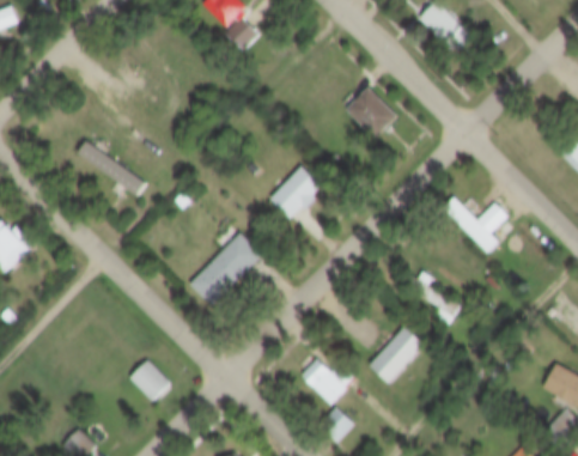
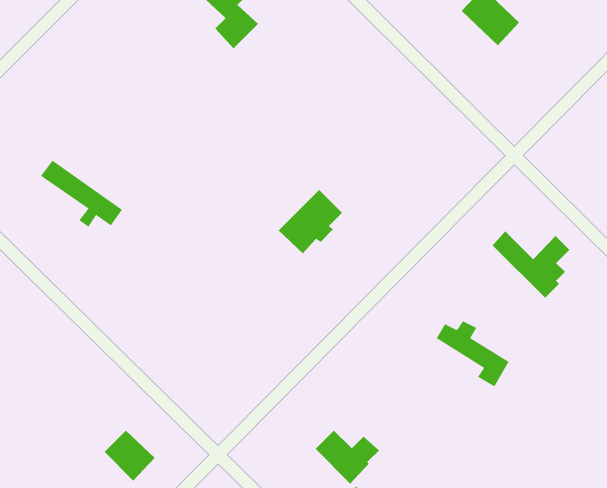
building: [347,89,396,136] -> none
building: [190,233,263,306] -> none
building: [369,327,424,384] -> none

